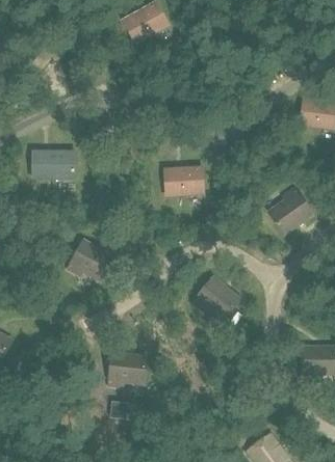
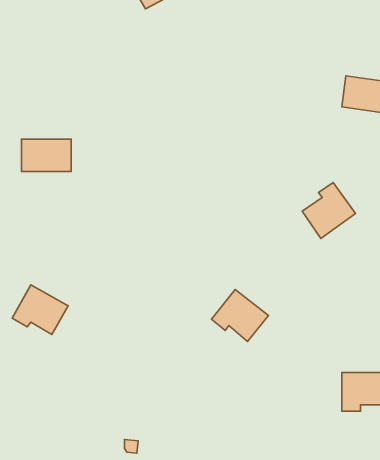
building: [166,166,204,194] -> none
building: [68,239,114,280] -> [12,285,68,334]
building: [108,352,147,385] -> none

